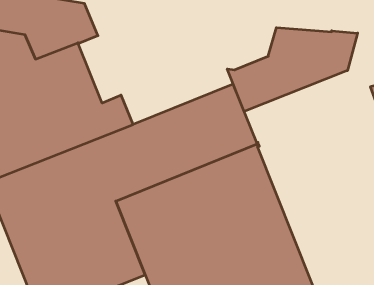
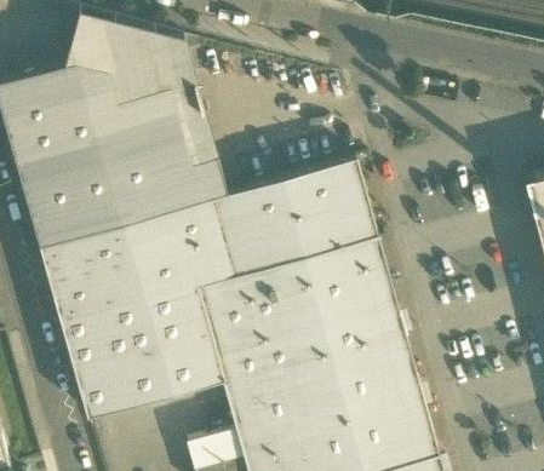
building: [227,28,358,112] -> none
building: none -> [170,82,216,166]

